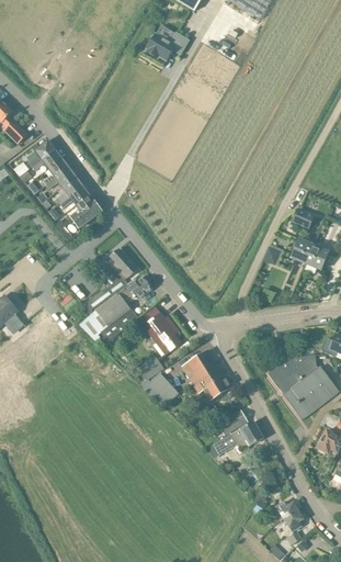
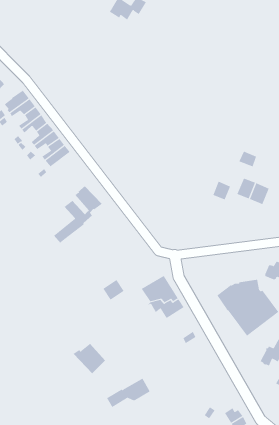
building: [79,277,151,341] -> none
building: [147,312,181,355] -> none
building: [140,372,178,407] -> [73,343,106,374]
building: [213,422,263,456] -> [106,378,151,408]

